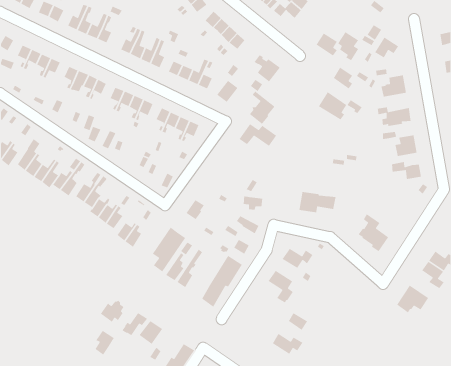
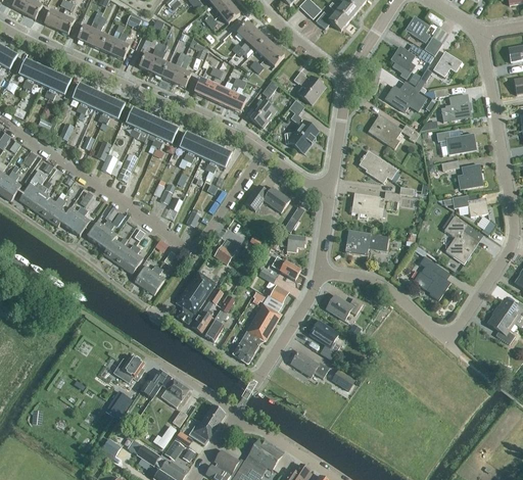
building: [316,33,338,56] -> [405,15,430,43]
building: [238,123,277,147] -> [245,185,290,212]
building: none -> [359,151,397,183]
building: none -> [351,193,383,218]
building: none -> [441,213,478,263]
building: [396,285,429,313] -> none
building: [272,333,304,355] -> [291,351,328,377]

